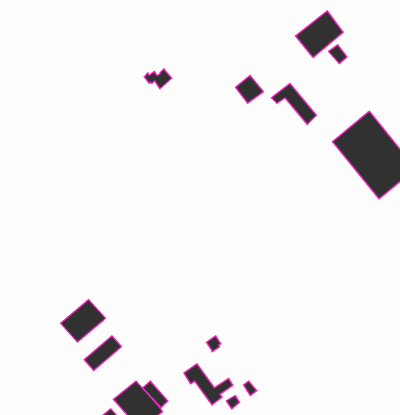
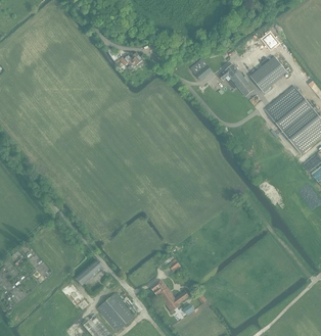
building: [295,11,343,57] -> [249,56,286,92]
building: [61,299,106,342] -> none

